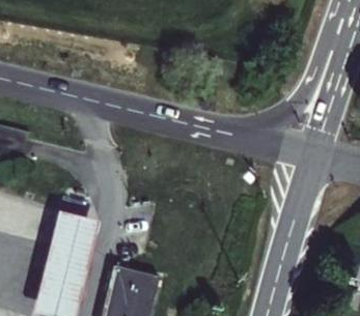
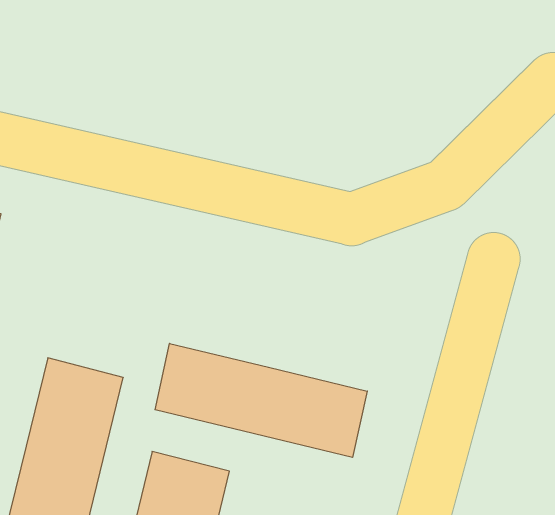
building: none -> [155,343,367,457]

